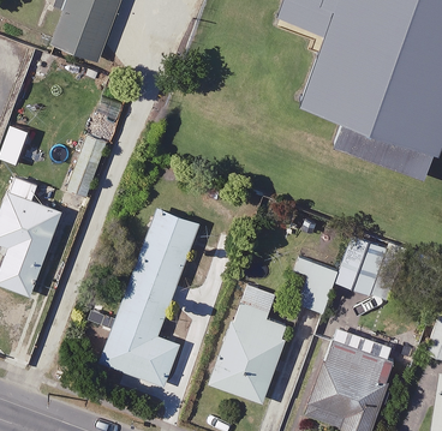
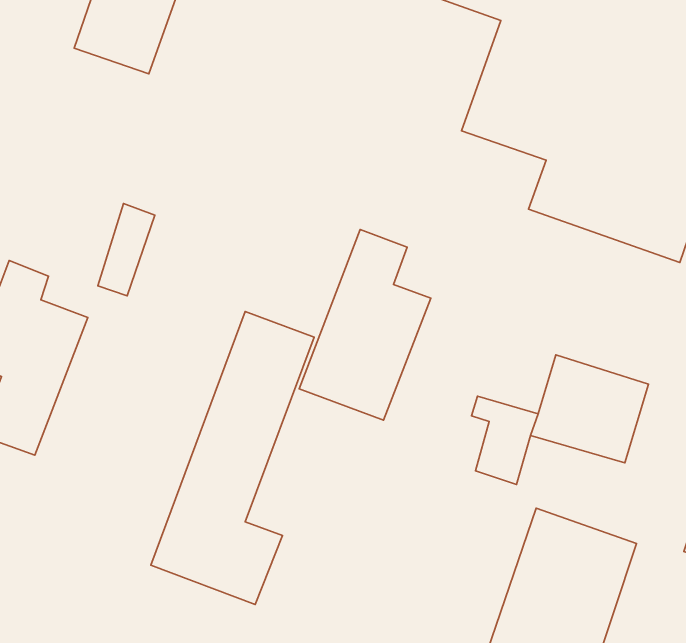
building: [209,285,289,401] -> [299,229,431,420]

